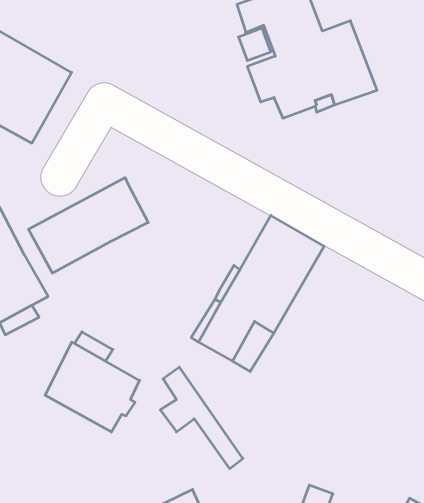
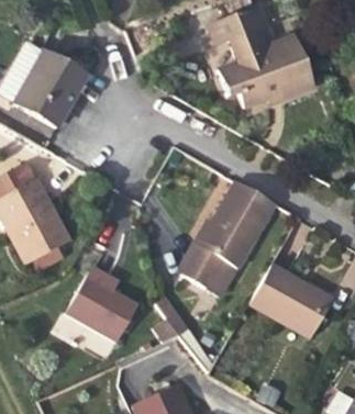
building: [29,178,148,273] -> none
building: none -> [249,264,333,337]

